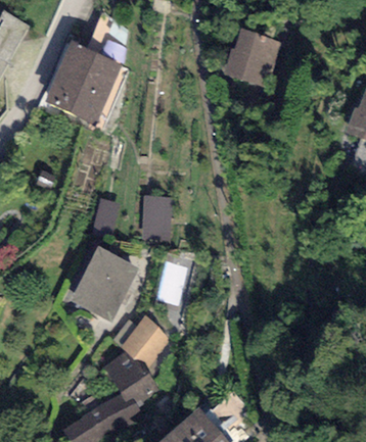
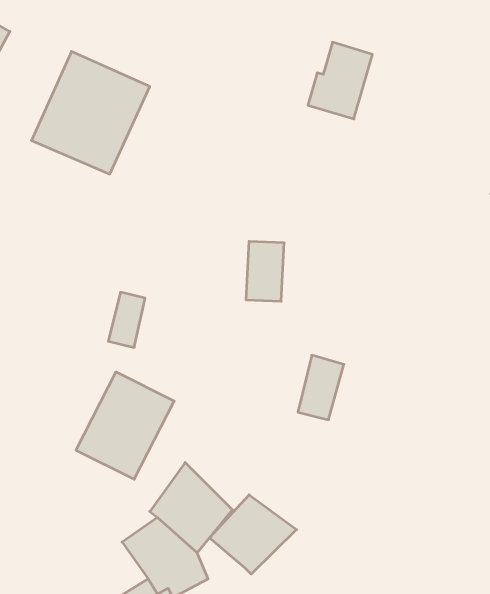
building: [143,198,169,238] -> [246,241,284,301]
building: [162,261,192,304] -> [298,355,344,420]
building: none -> [210,495,297,574]

